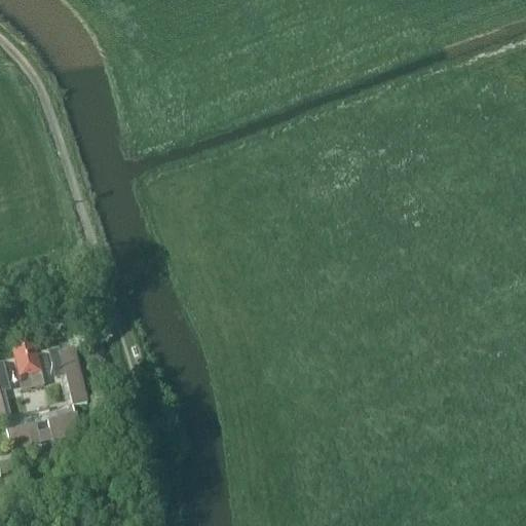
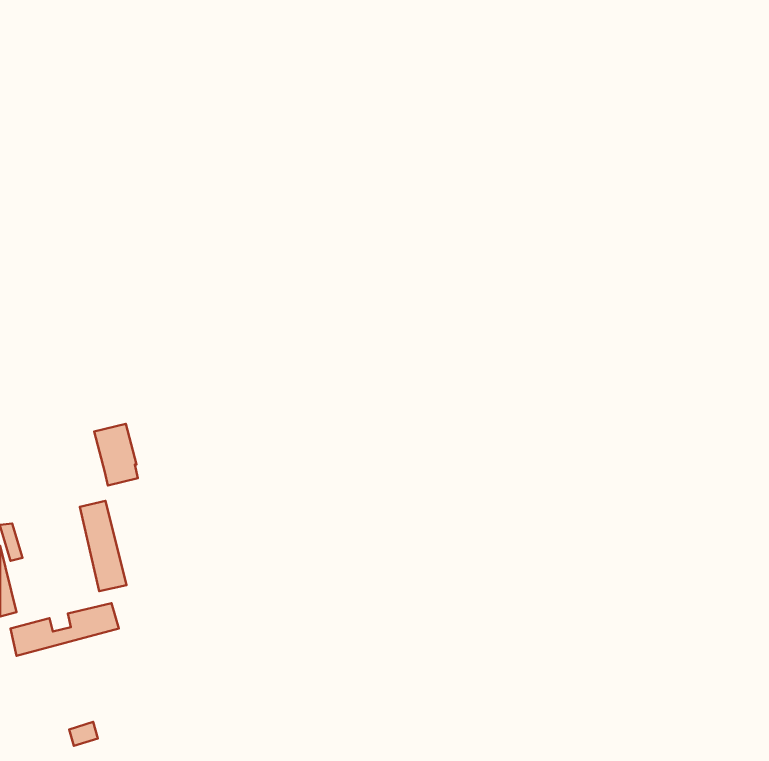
building: [12,343,42,385] -> [94,424,138,486]

